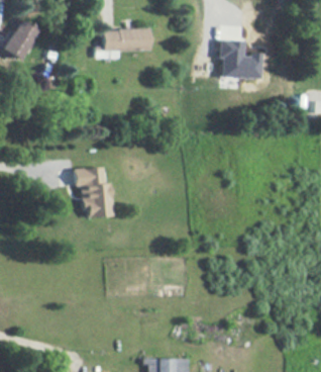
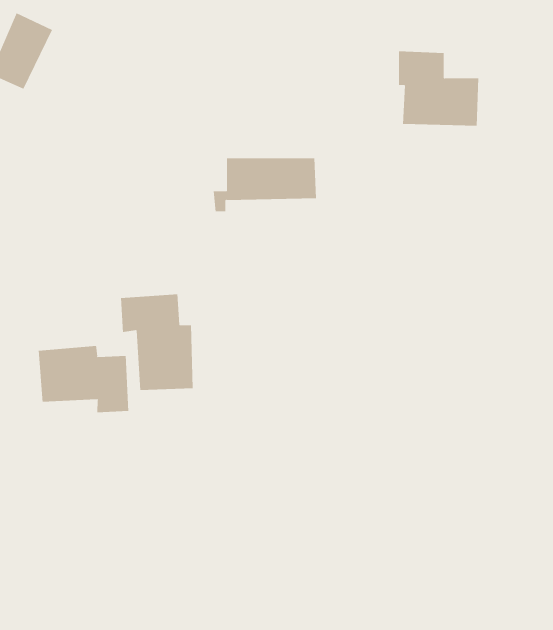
building: [96,29,150,58] -> [213,158,317,212]
building: none -> [38,345,129,413]

